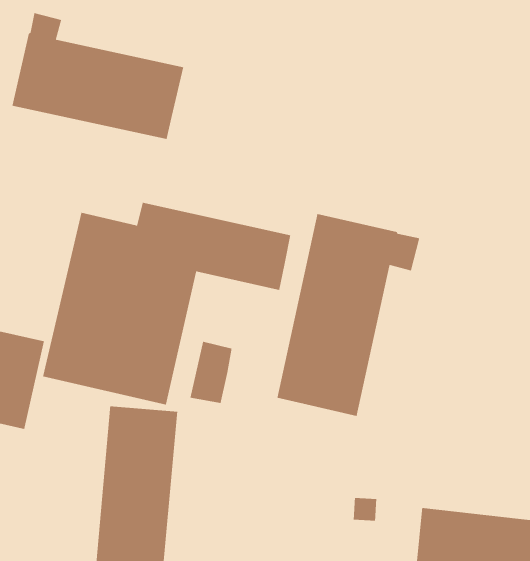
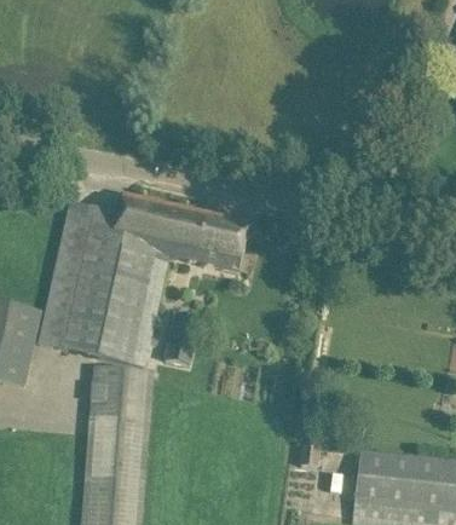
building: [11,12,184,140] -> none
building: [277,213,420,417] -> none

